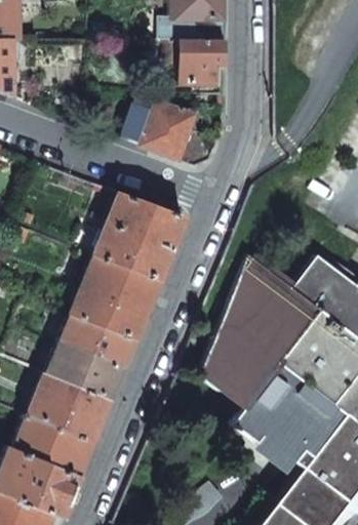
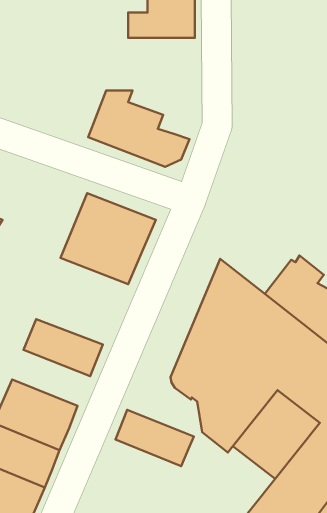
building: [166,40,224,92] -> none
building: [70,254,159,337] -> none
building: [46,342,122,397] -> [116,410,194,466]

